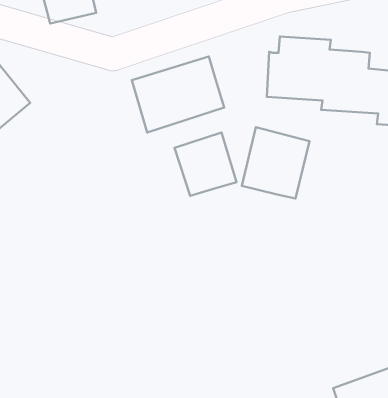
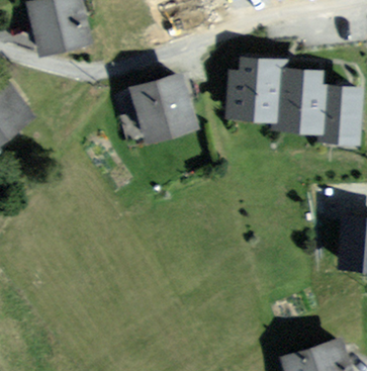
building: [242,127,309,198] -> none
building: [175,133,237,196] -> none

